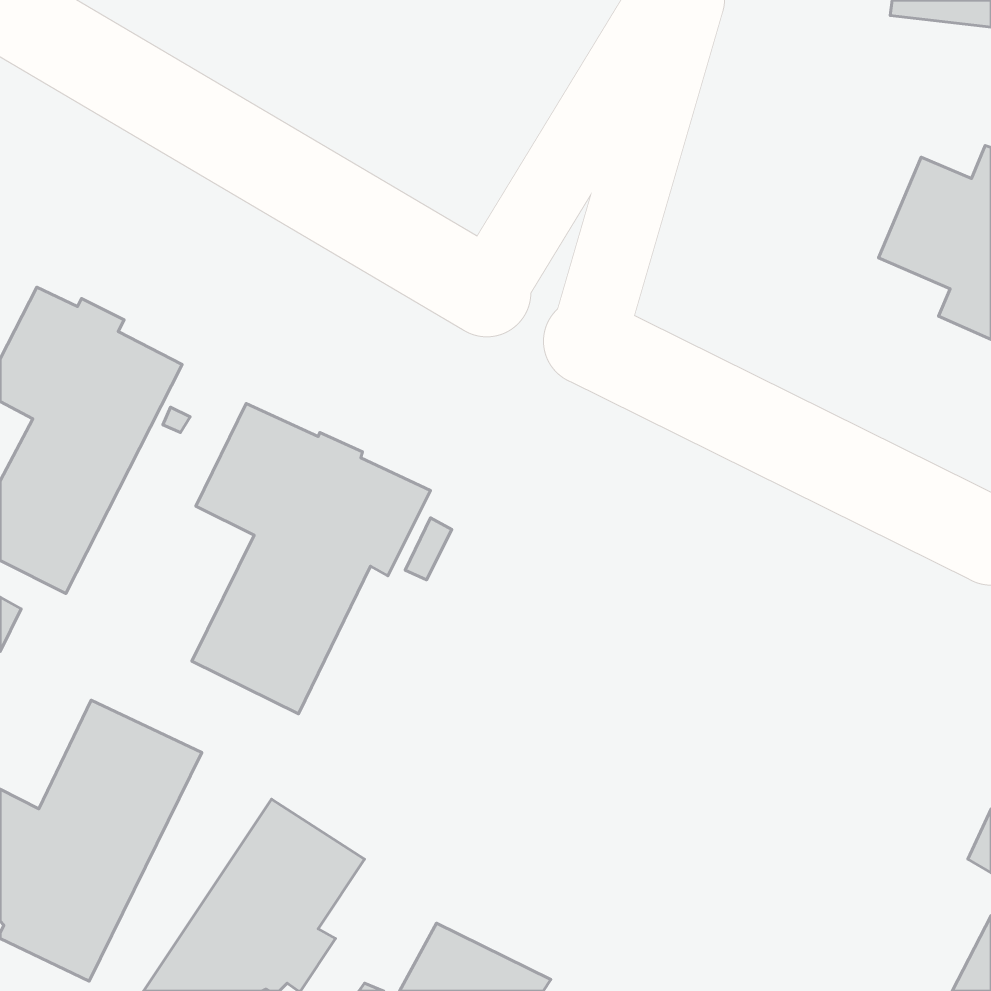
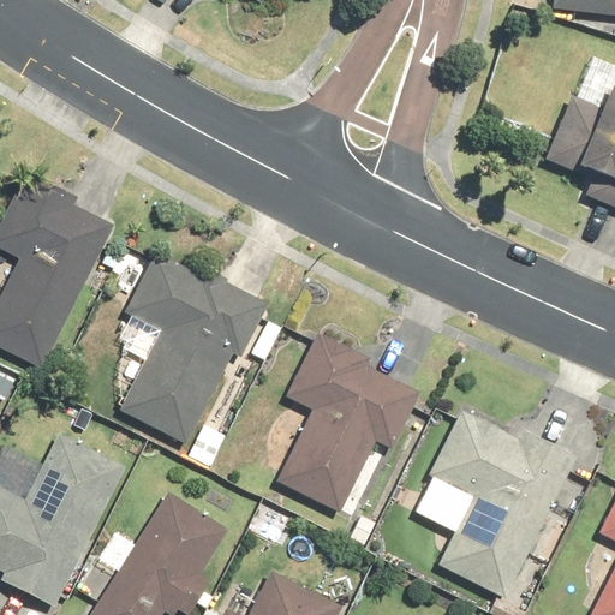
building: none -> [279,333,422,510]
building: none -> [428,411,574,598]

